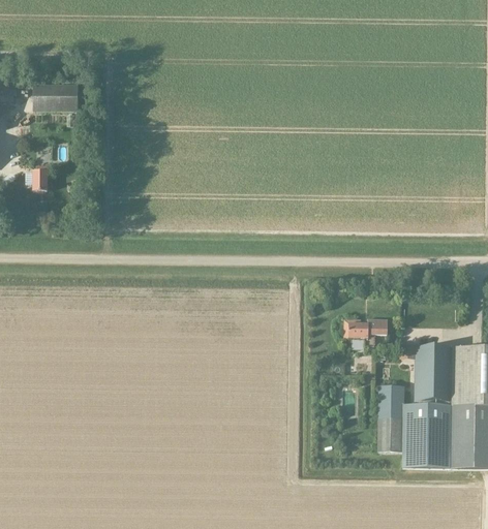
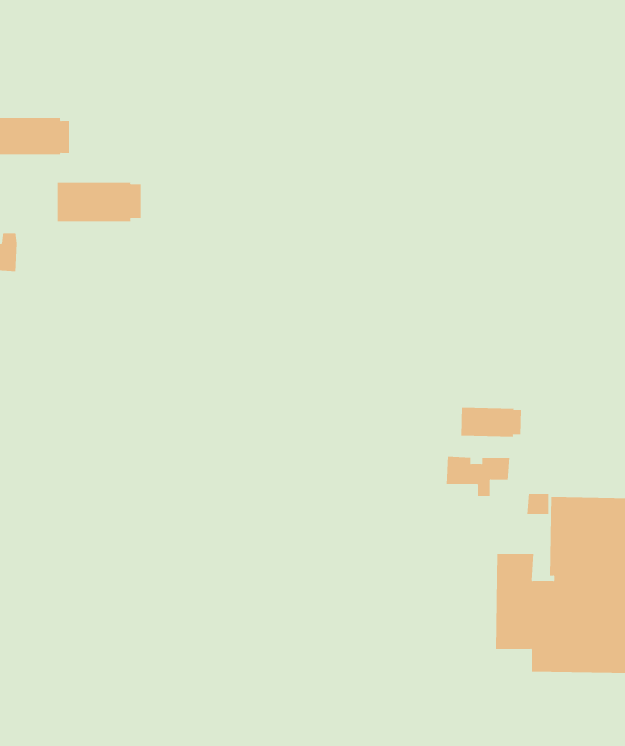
building: none -> [57,182,141,222]
building: none -> [461,407,521,437]

